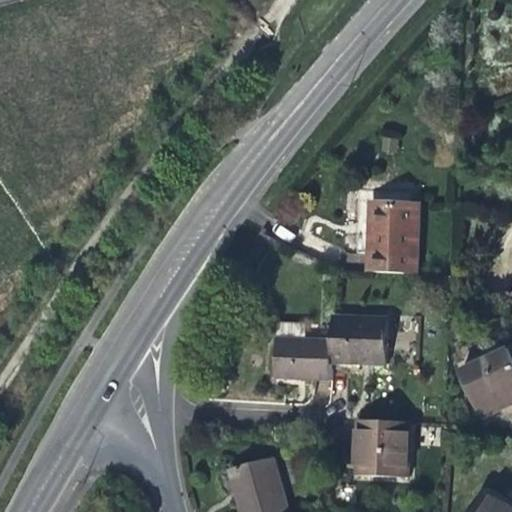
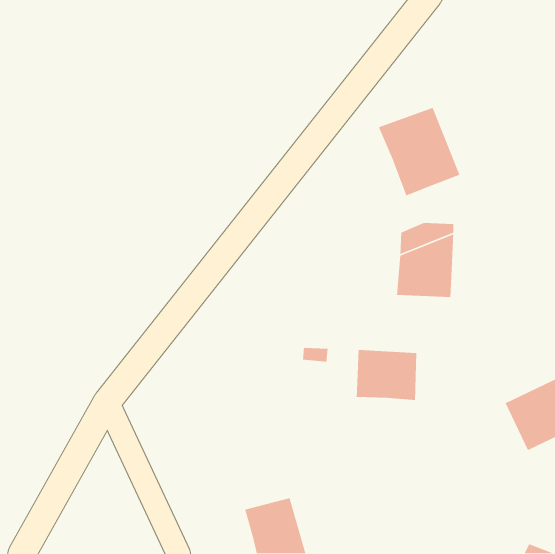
building: none -> [378,107,461,196]
building: [273,340,330,383] -> none
building: [354,416,408,474] -> none

